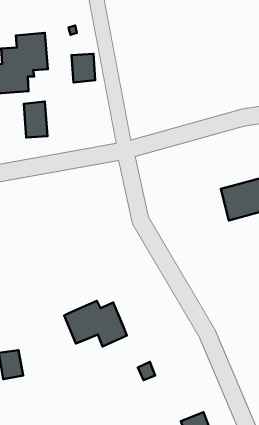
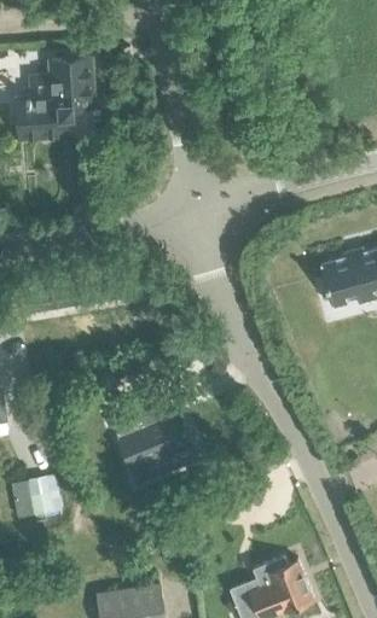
building: [72,54,95,83] -> none
building: [24,101,47,137] -> none

